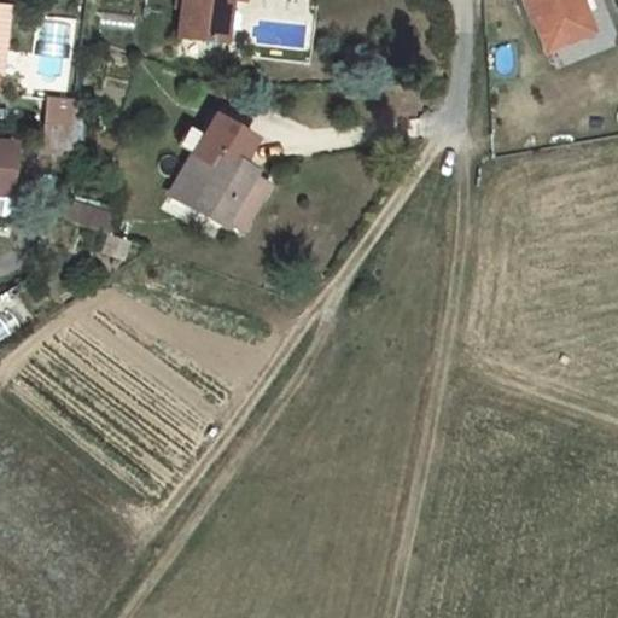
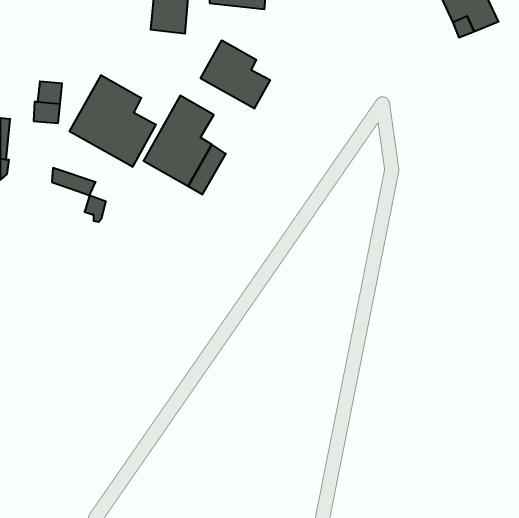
building: none -> [201,40,270,109]
building: none -> [70,75,156,167]

